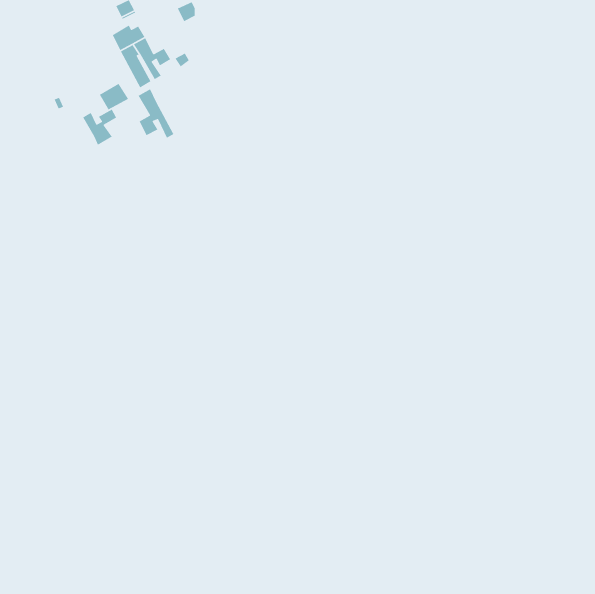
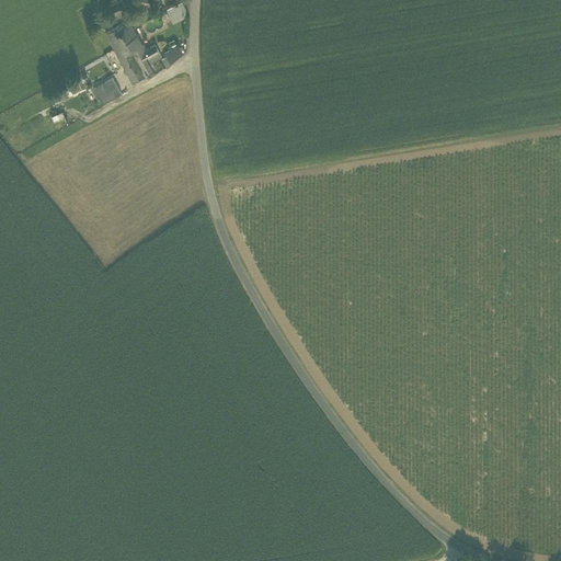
building: [137,88,175,139] -> none
building: [81,109,117,146] -> none

